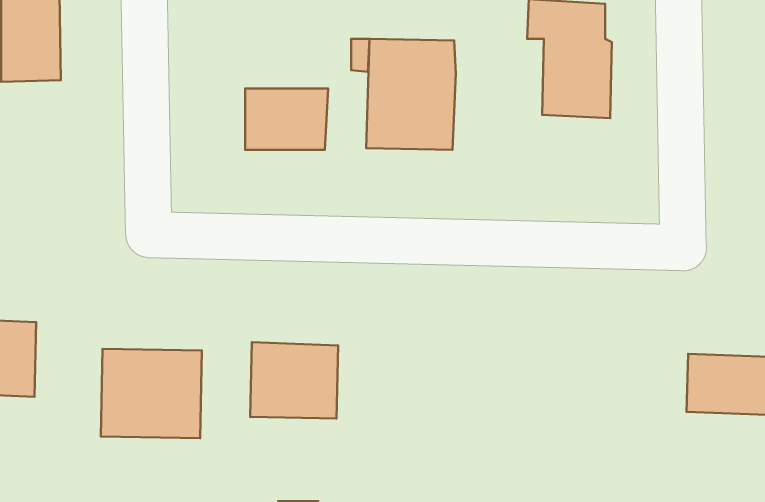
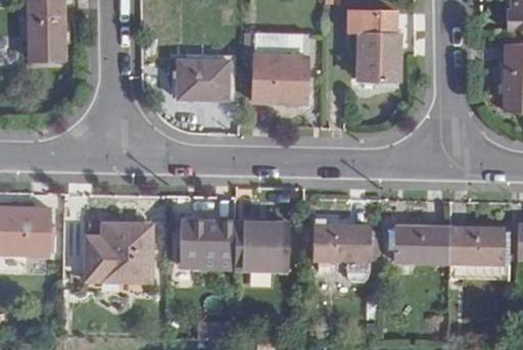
building: none -> [233,222,290,268]
building: none -> [316,224,380,284]
building: none -> [394,227,449,263]

